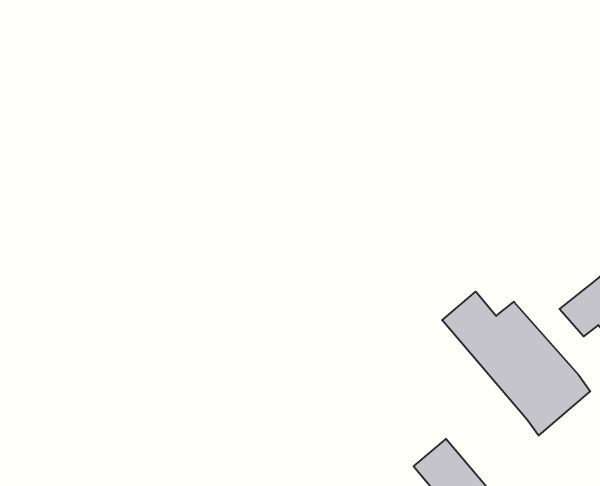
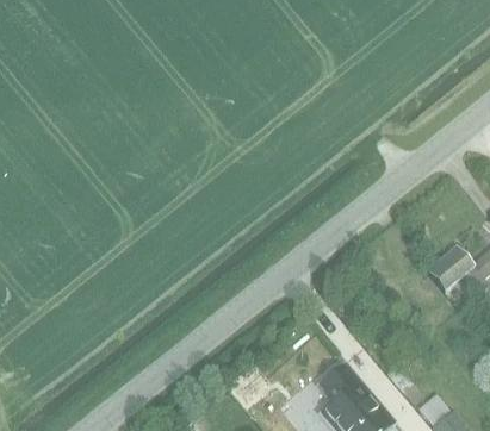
building: [442,292,590,436] -> none

